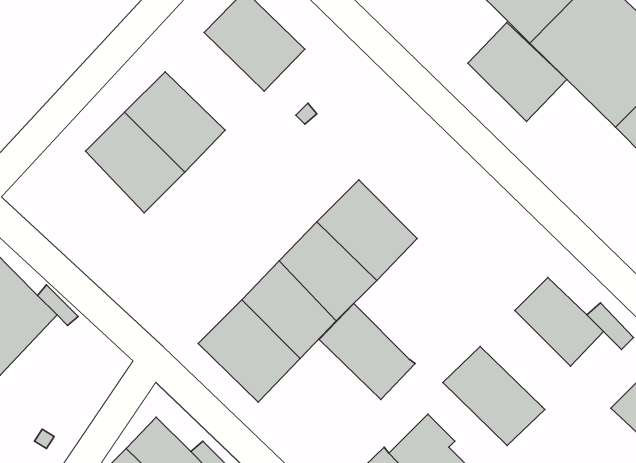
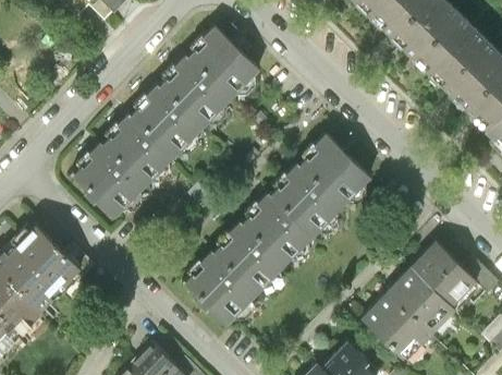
building: [468,23,567,122] -> [298,140,370,211]
building: none -> [158,62,230,133]
building: none -> [72,148,143,220]
building: [319,303,415,400] -> [387,264,456,334]

